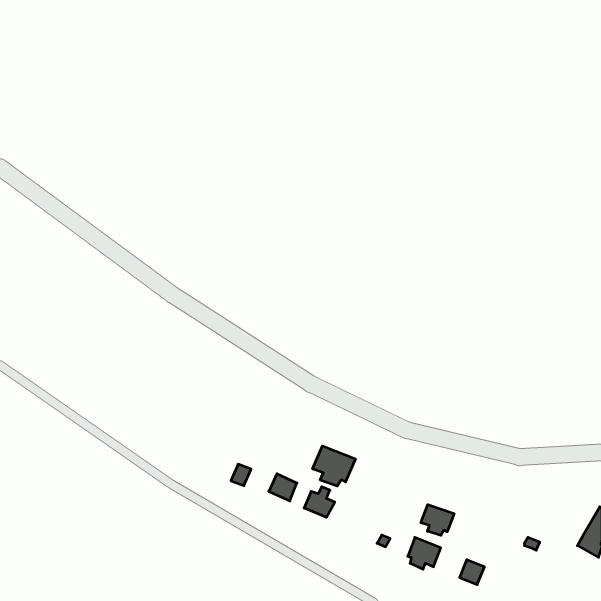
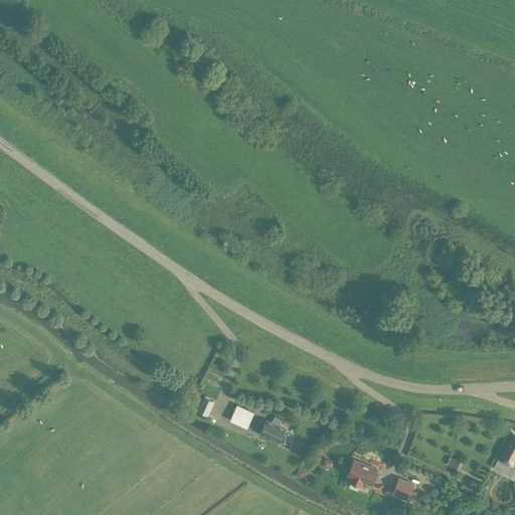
building: [313,446,355,486] -> none
building: [421,505,454,535] -> none

